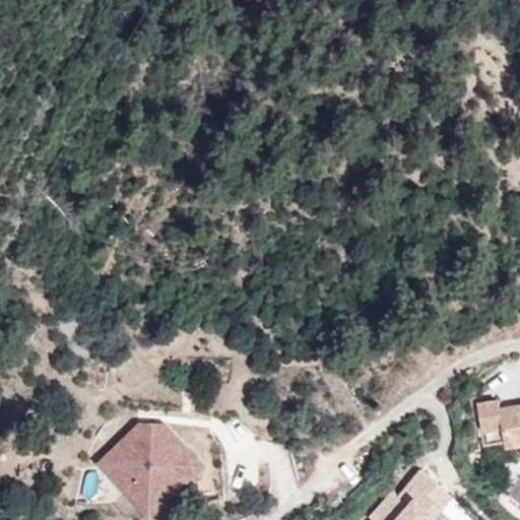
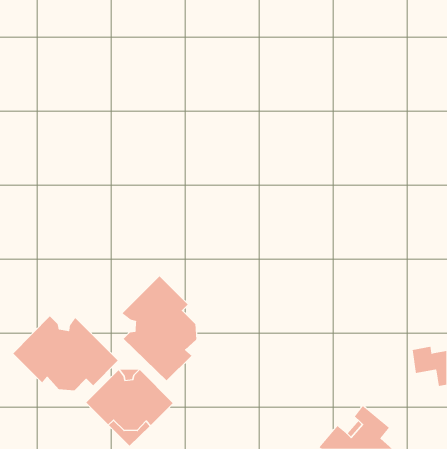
building: none -> [121,276,197,381]
building: none -> [13,315,119,391]

